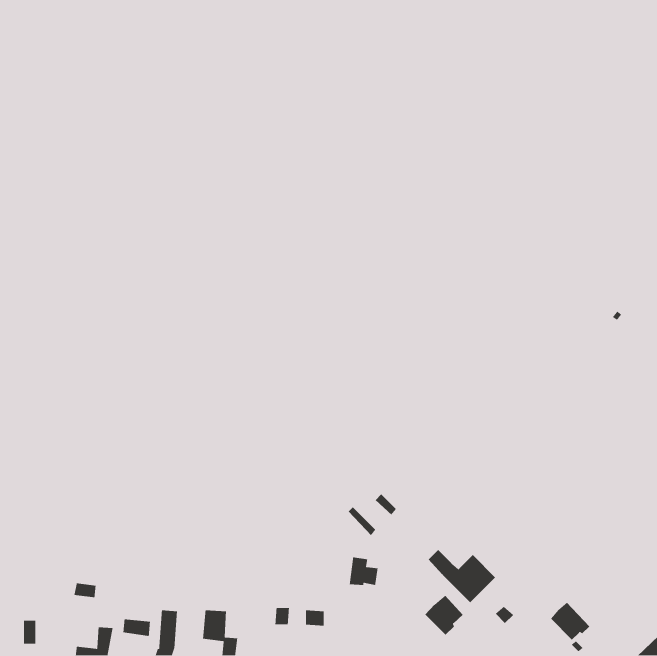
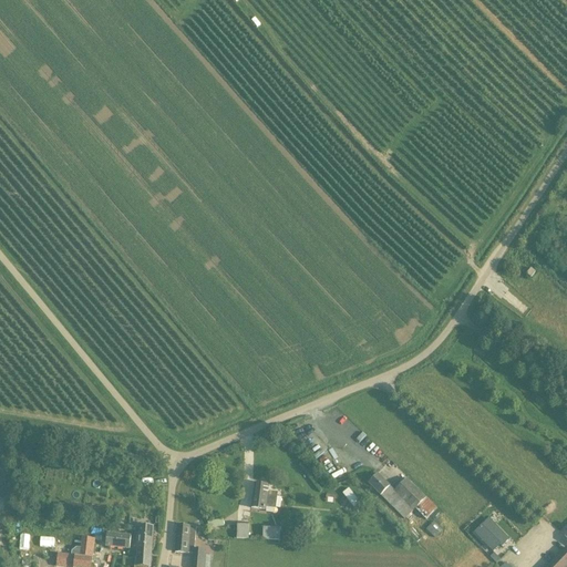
building: [349,556,378,586] -> [252,482,278,507]
building: [425,595,463,635] -> none

